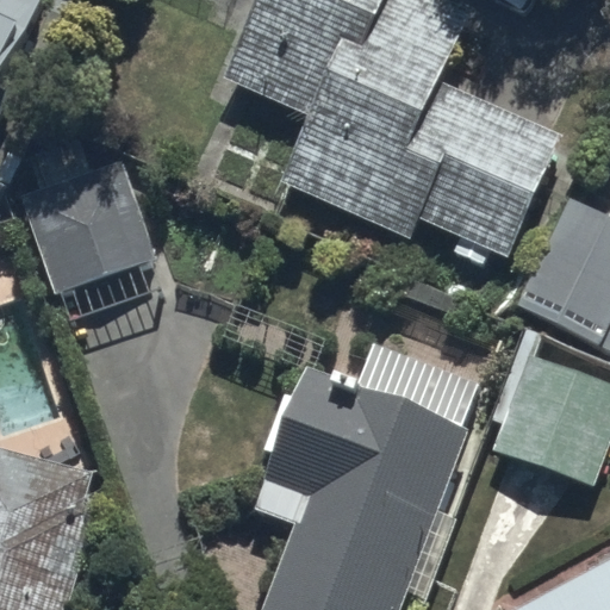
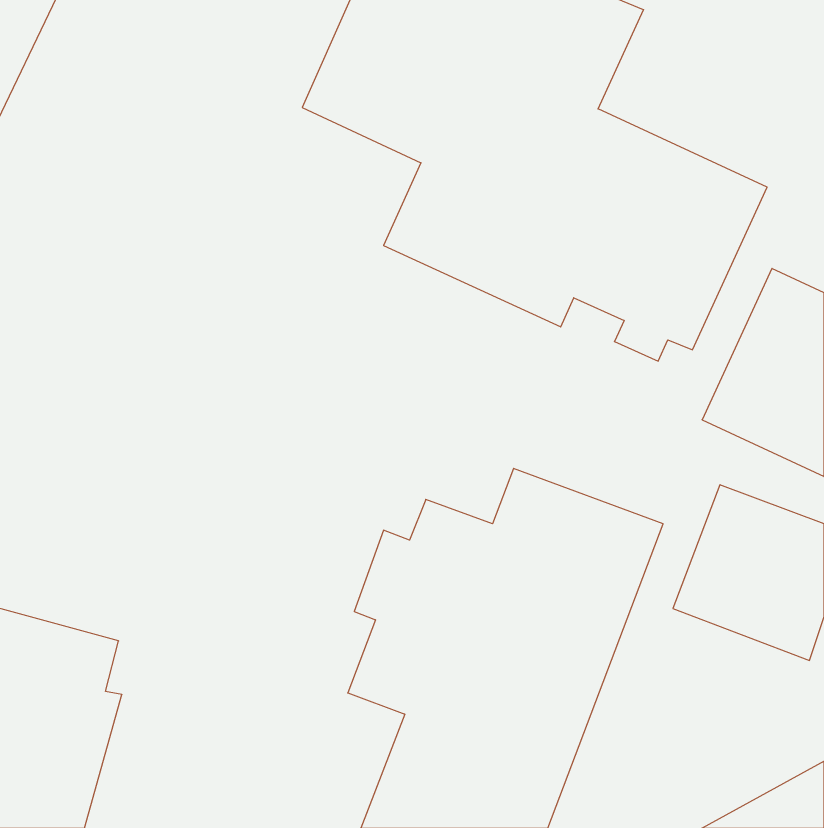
building: [20,163,155,294] -> none

